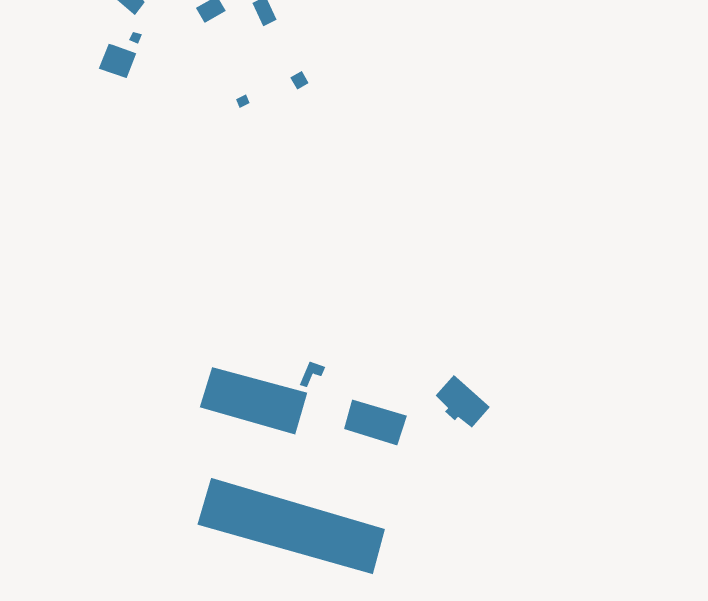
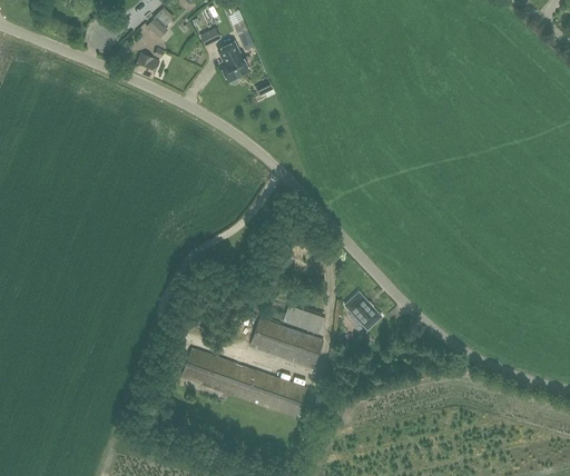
building: none -> [217,41,247,83]
building: [199,366,308,435] -> [249,318,323,367]

